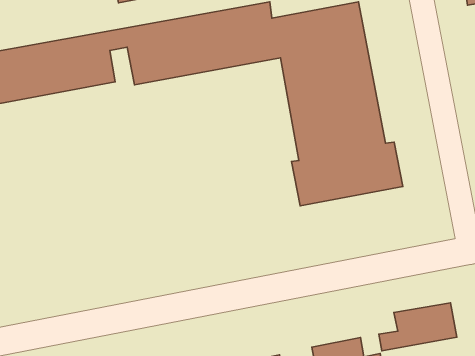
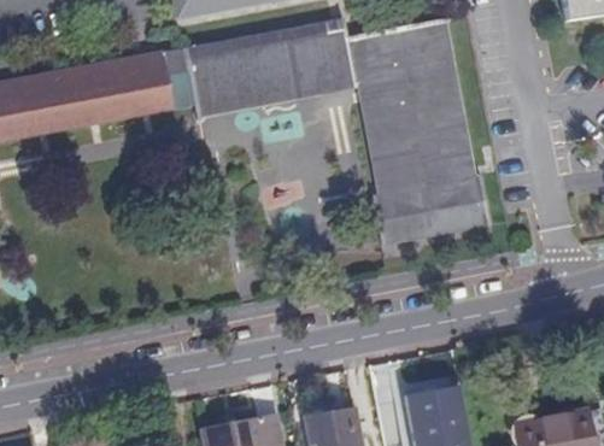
building: [379,303,457,351] -> none

